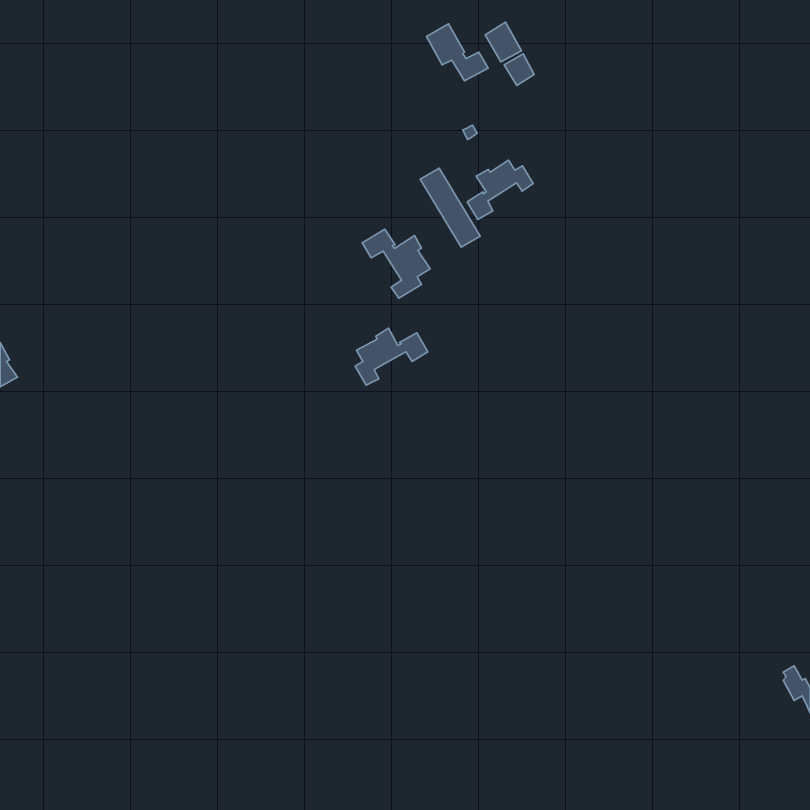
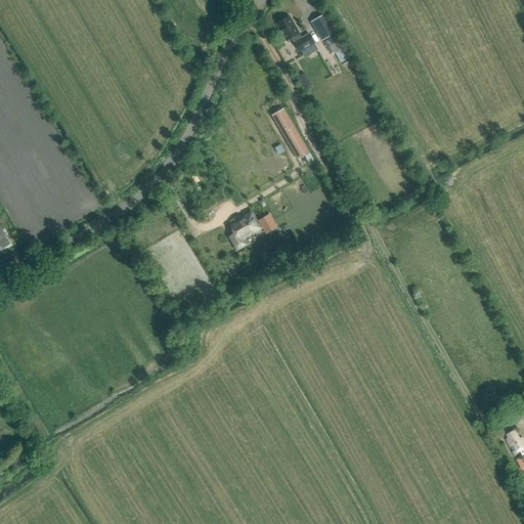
building: [467,160,533,220] -> none
building: [362,229,430,298] -> none

